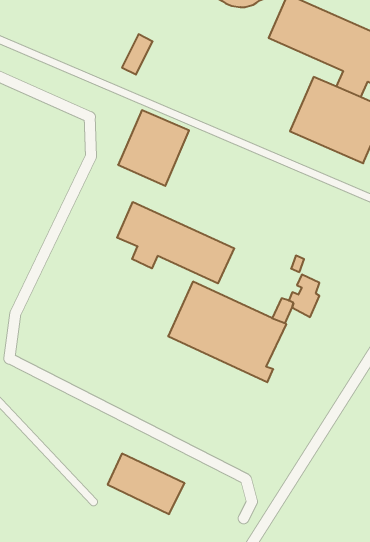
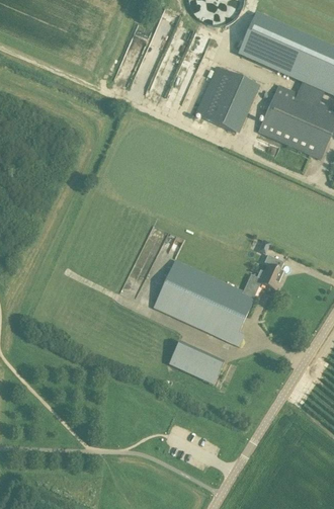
building: [118,110,189,186] -> [195,67,256,132]
building: [117,202,234,283] -> none
building: [108,454,185,514] -> [163,336,229,388]

